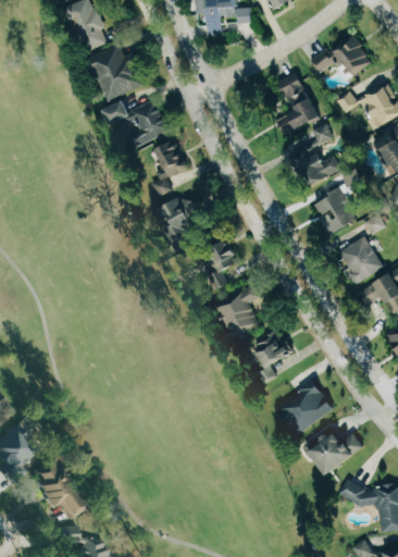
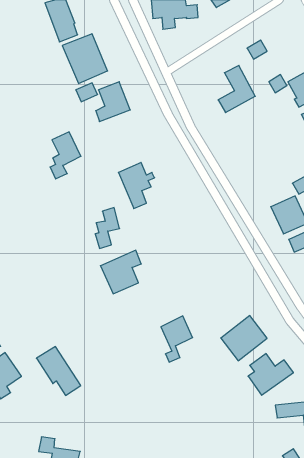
building: [331,36,372,75] -> none
building: [290,122,340,185] -> none
building: [150,139,187,196] -> [50,132,81,179]
building: [312,188,357,234] -> none
building: [207,240,236,289] -> [95,208,120,248]
building: [212,285,261,337] -> [100,250,141,294]
building: [251,326,289,382] -> [161,316,193,362]
building: [34,461,87,520] -> [36,347,81,395]

